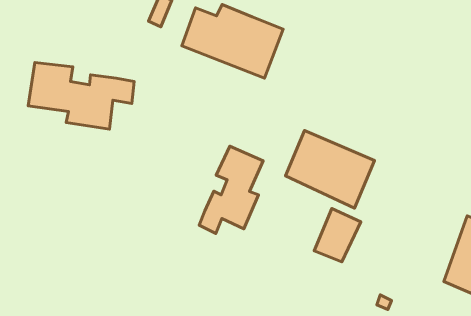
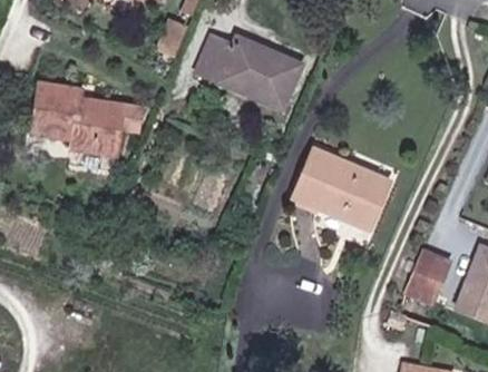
building: [199,146,263,233] -> none
building: [314,208,361,262] -> [406,255,452,309]

